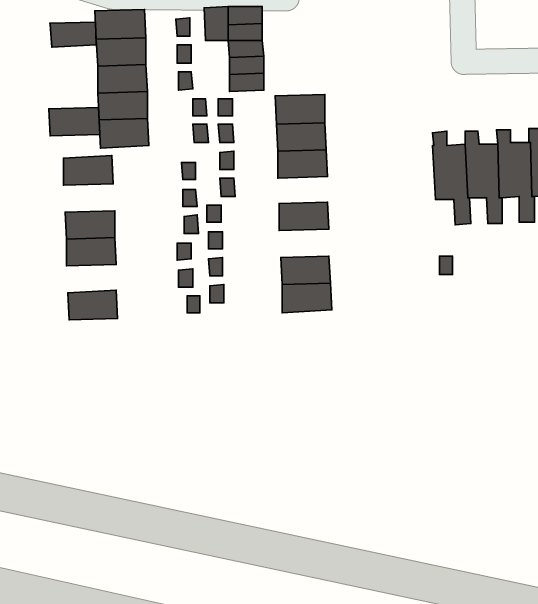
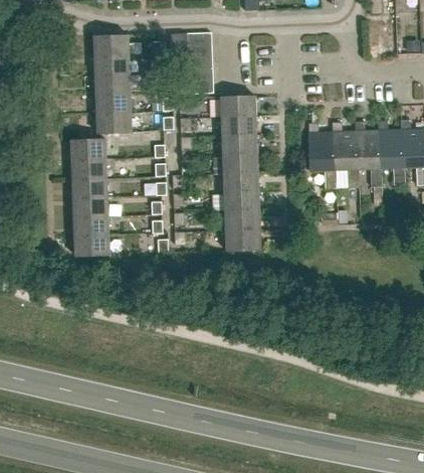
building: [50,22,96,47] -> none
building: [49,108,100,136] -> [70,159,107,179]
building: none -> [307,123,336,189]
building: none -> [222,154,257,173]
building: none -> [223,191,258,211]
building: none -> [72,216,108,236]

